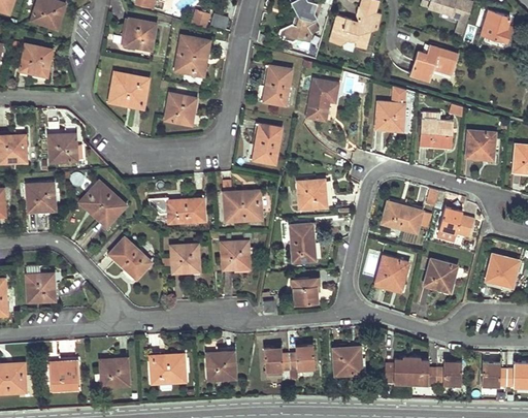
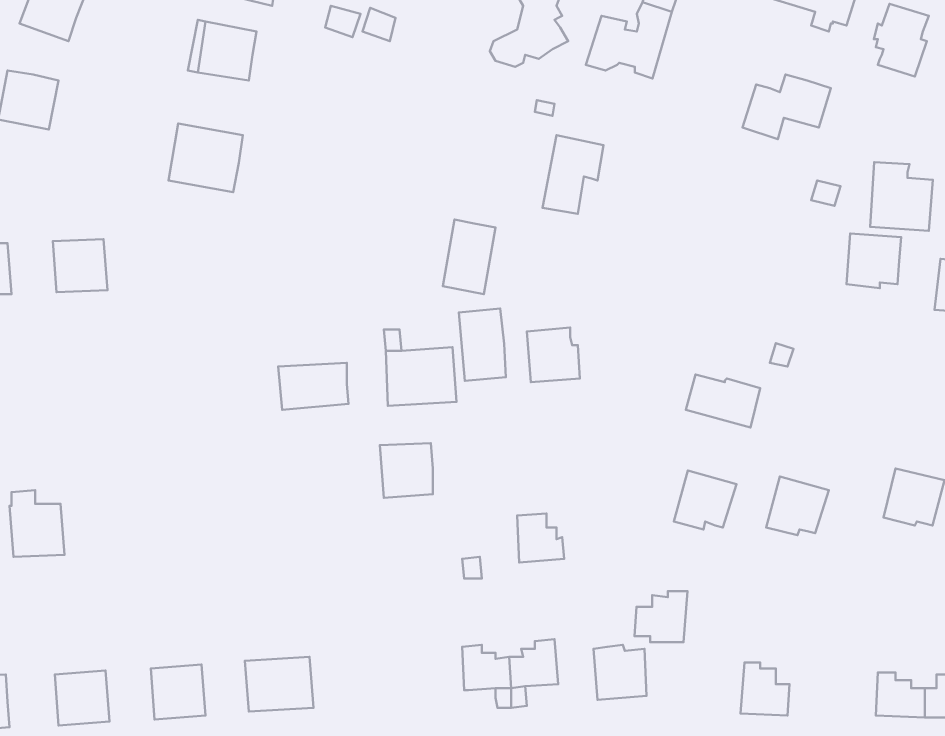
building: [174,36,209,76] -> none
building: [263,66,291,105] -> none
building: [376,87,405,131] -> none
building: [165,94,196,125] -> none
building: [420,112,453,149] -> [870,162,933,231]
building: [80,182,125,226] -> none
building: [26,184,55,213] -> none
building: [436,206,473,240] -> none
building: [290,224,315,262] -> [459,308,506,381]
building: [109,238,151,279] -> none
building: [170,245,199,274] -> none
building: [206,351,234,380] -> none
building: [385,357,412,384] -> [635,591,688,642]
building: [435,362,461,385] -> none

